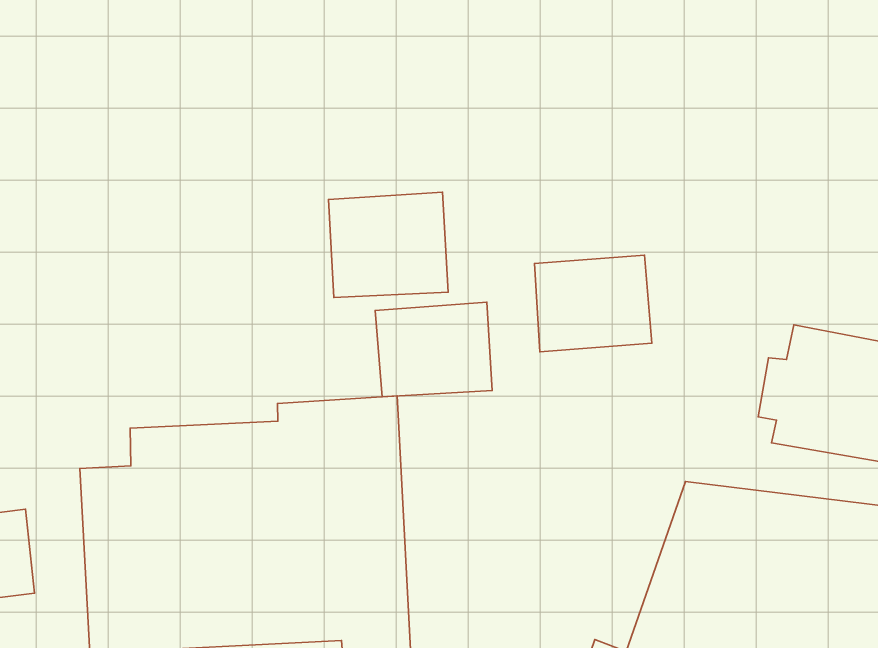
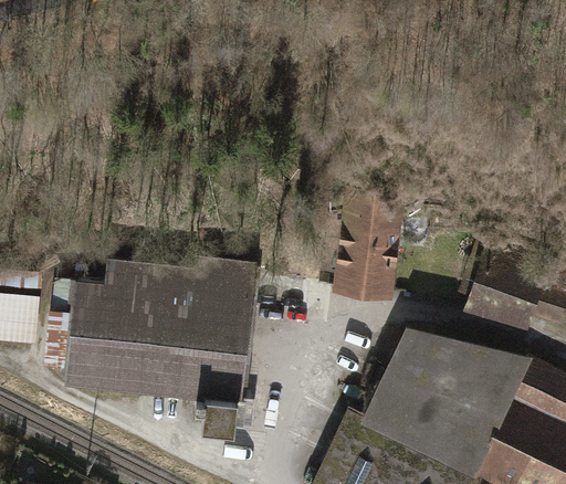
building: [328,192,448,298] -> none
building: [375,302,492,397] -> [336,245,401,298]

